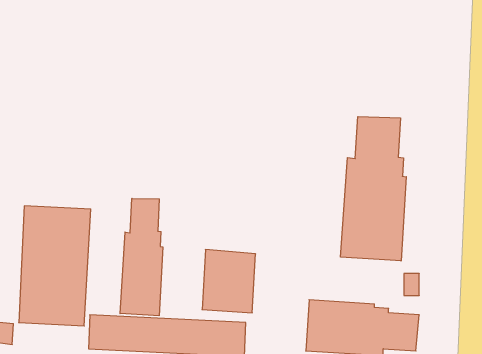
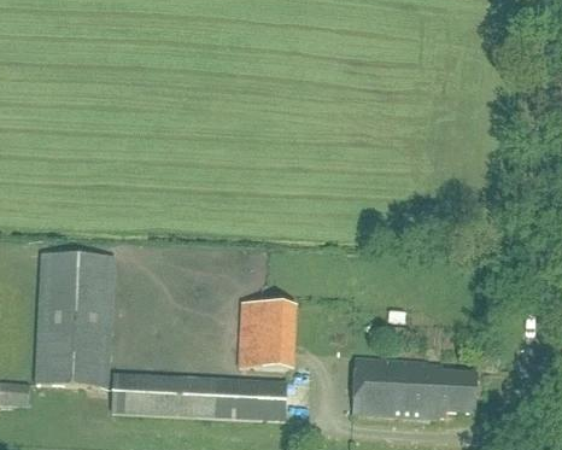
building: [341,117,406,261] -> none
building: [120,198,163,316] -> none

